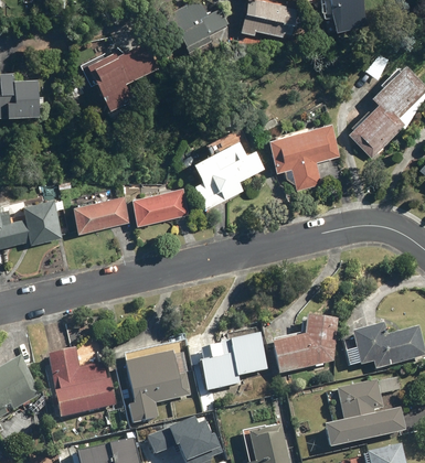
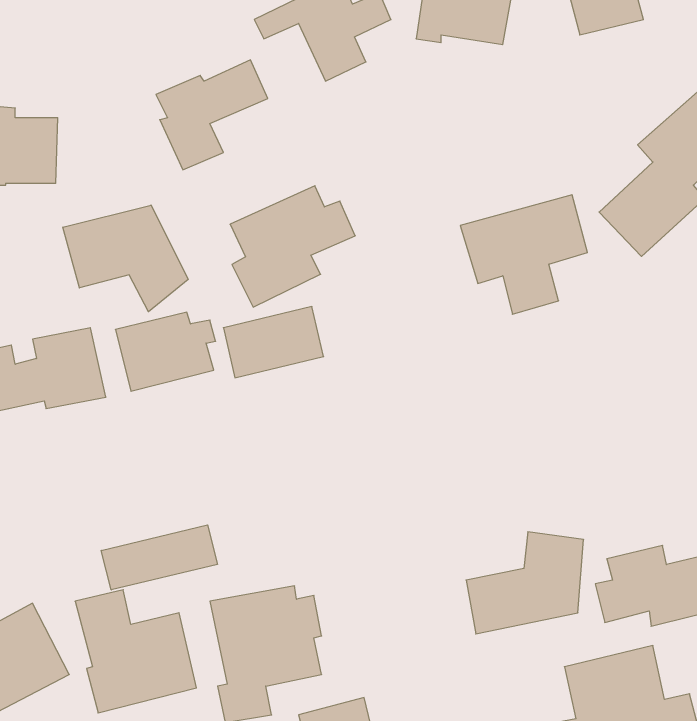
building: none -> [63,205,188,312]
building: [192,140,264,209] -> [230,186,355,307]
building: none -> [101,525,217,590]
building: [198,334,269,392] -> none

